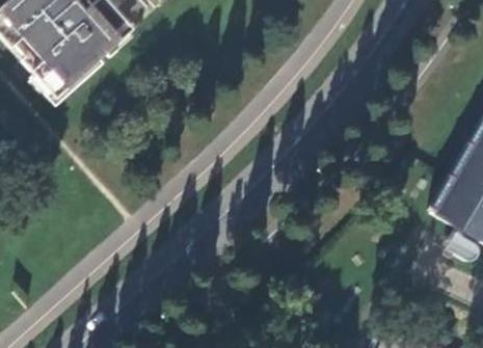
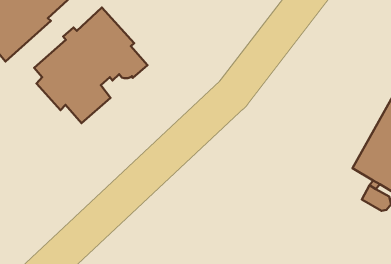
building: none -> [34,7,148,123]

